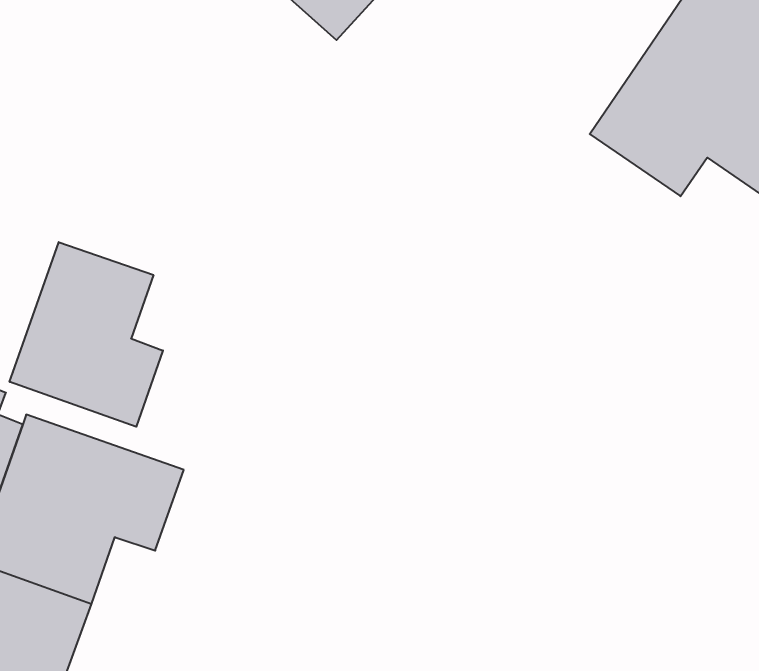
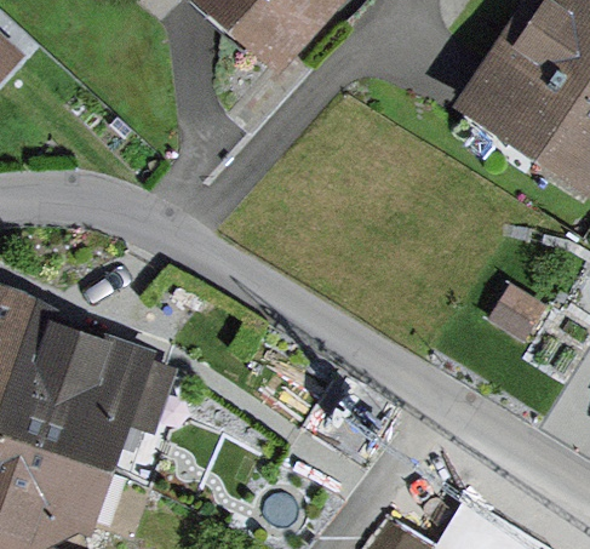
building: [10,242,163,427] -> none

